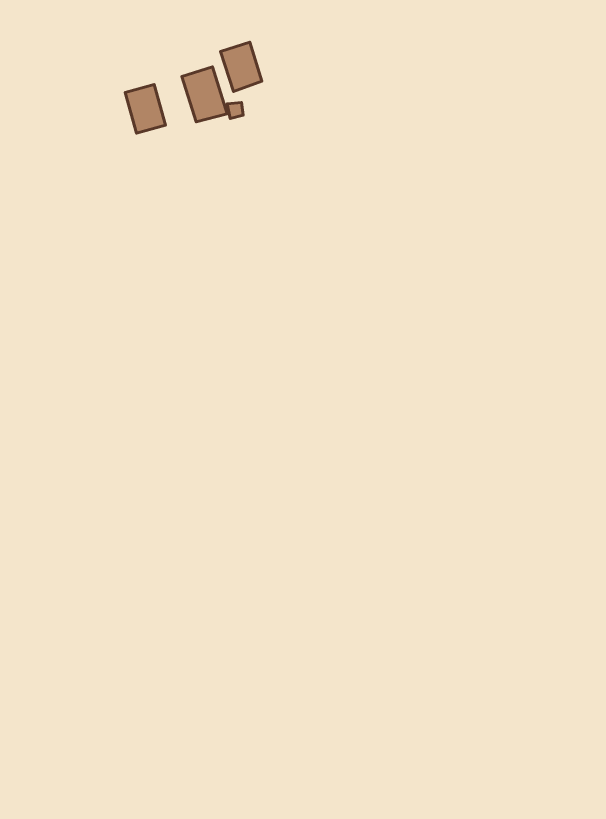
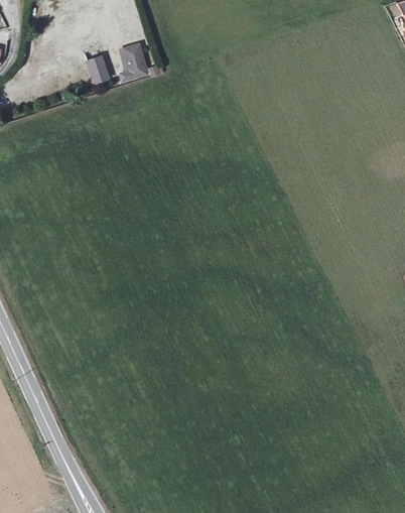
building: [221,42,262,92] -> none

